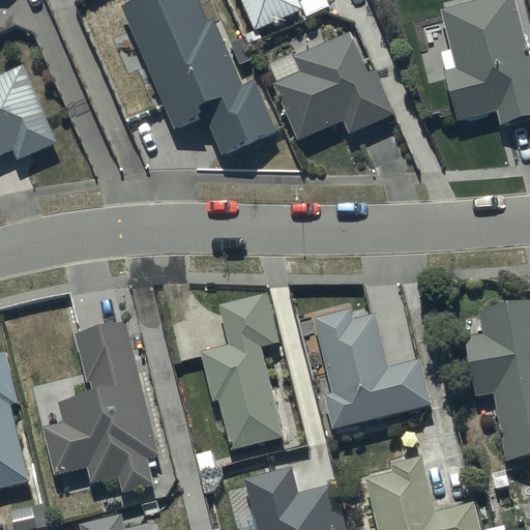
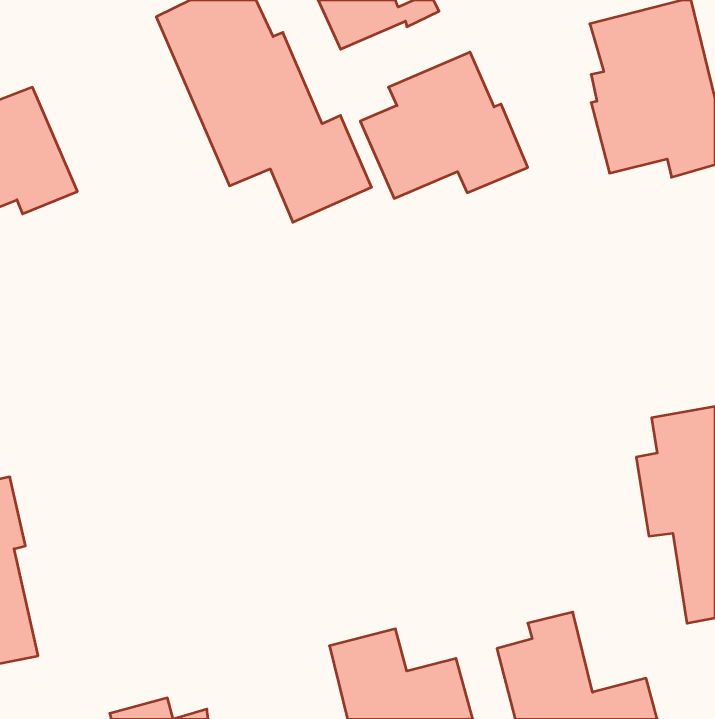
building: [202,293,285,448] -> none
building: [314,306,433,428] -> none
building: [41,319,161,493] -> none

